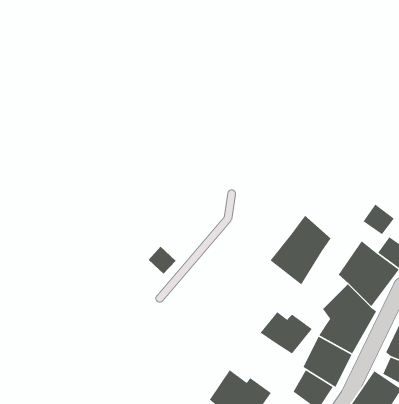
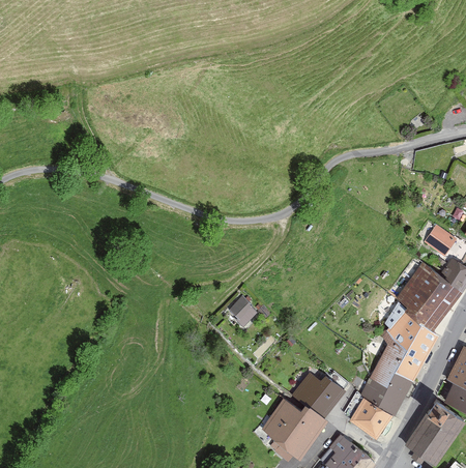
building: [270,215,332,285] -> none
building: [148,246,176,274] -> [228,296,258,326]
building: [260,311,313,354] -> [290,373,346,418]

